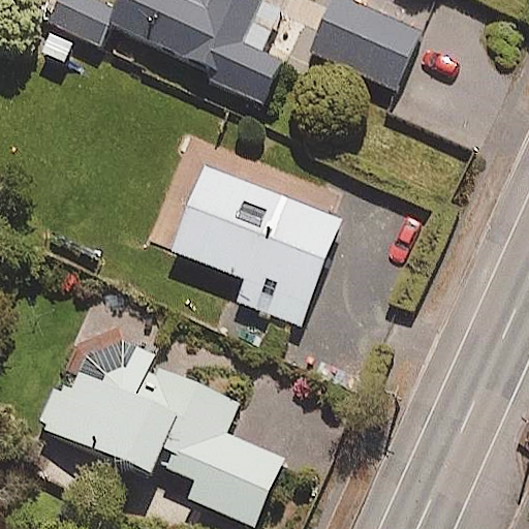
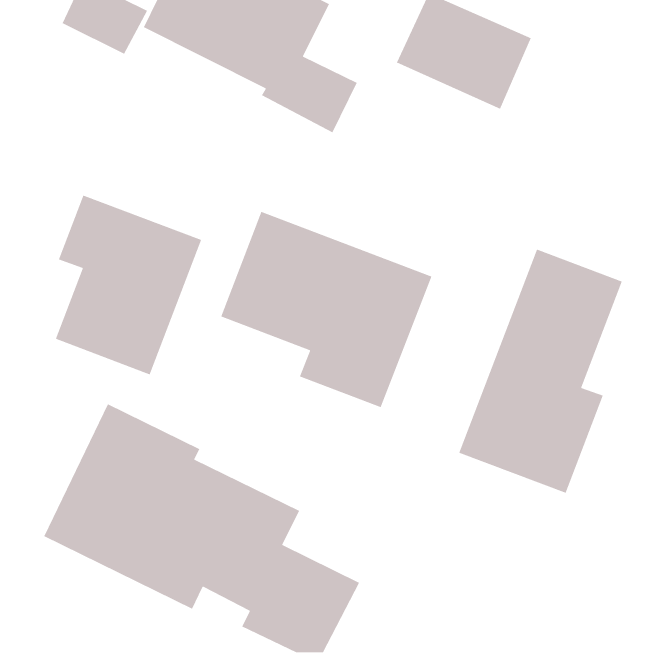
building: none -> [55,194,202,376]
building: none -> [458,249,623,494]

